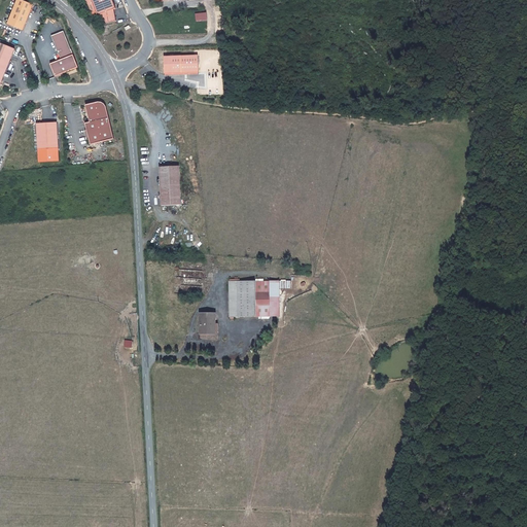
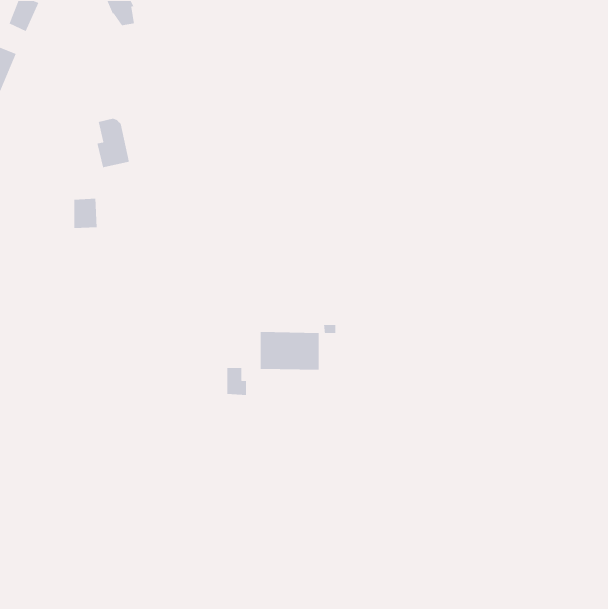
building: [49,29,77,74] -> none
building: [163,54,198,72] -> none
building: [36,121,57,148] -> [74,198,97,229]
building: [155,167,177,206] -> none

